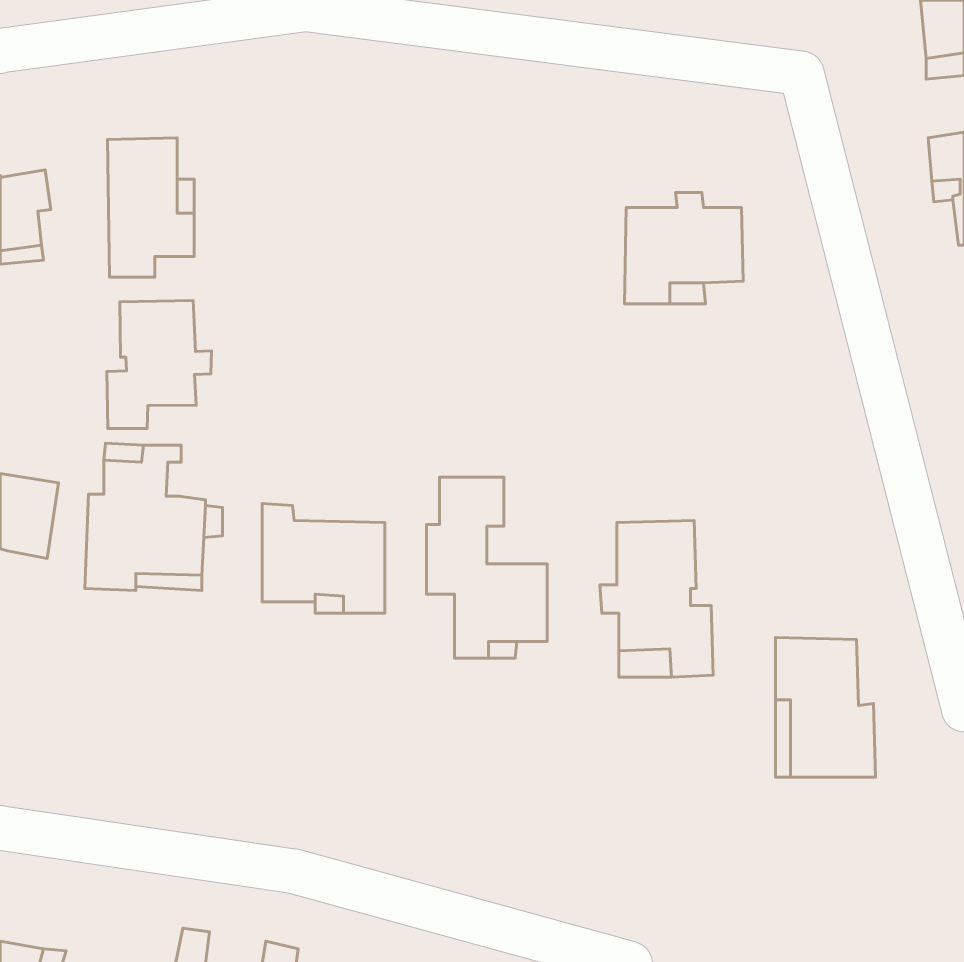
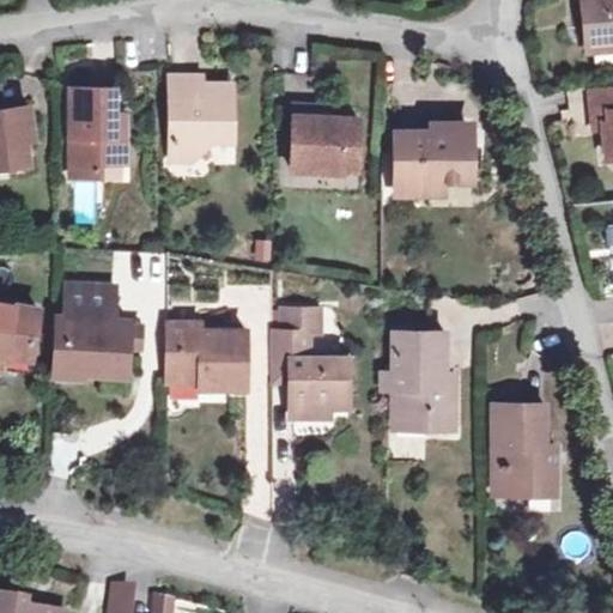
building: none -> [172,75,233,163]
building: none -> [287,105,356,172]
building: [107,301,211,429] -> none

